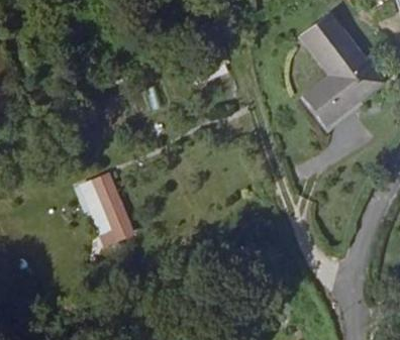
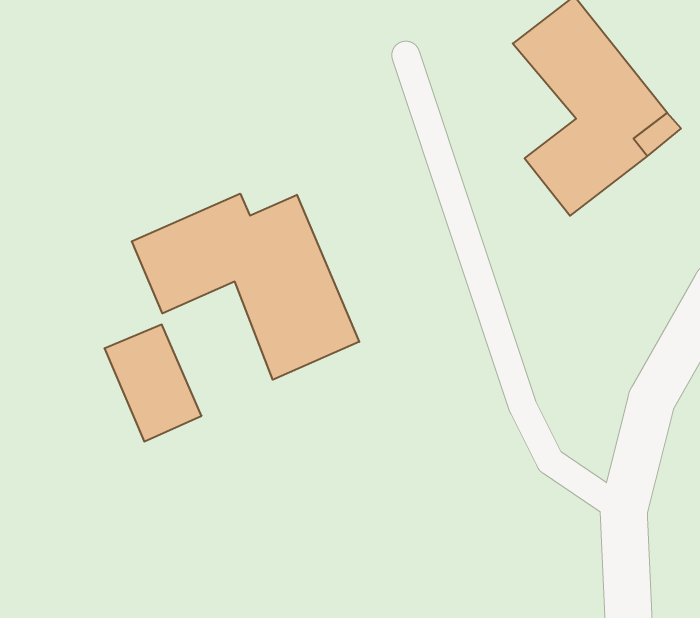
building: none -> [132,194,359,380]

